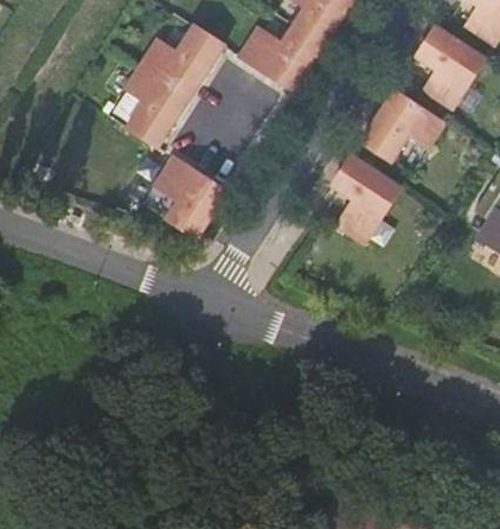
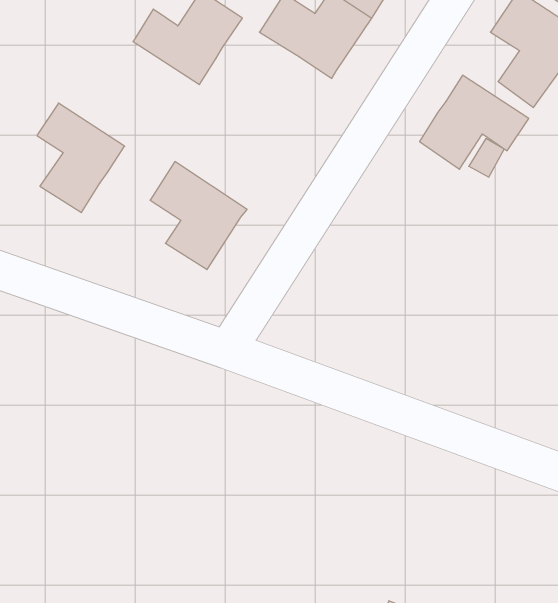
building: [123,64,191,148] -> [37,103,125,213]
building: [331,154,403,244] -> none

